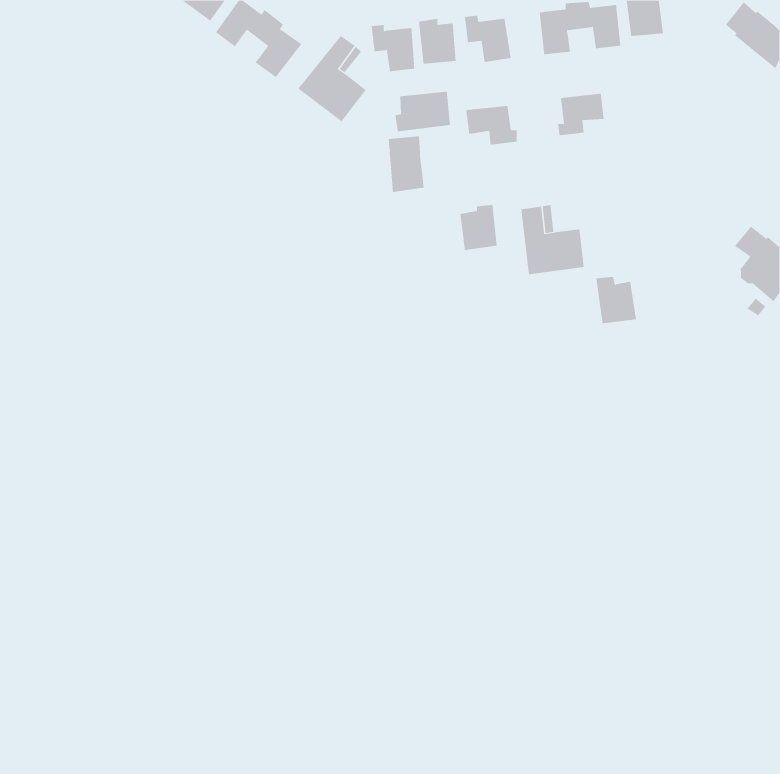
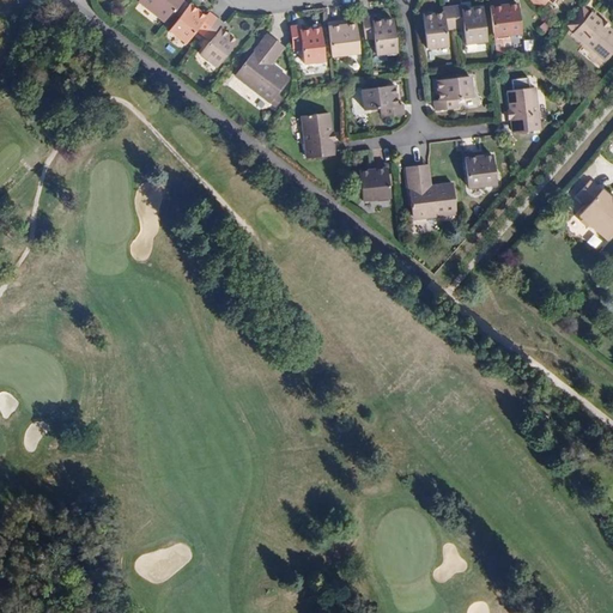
building: [395,91,451,132] -> none
building: none -> [509,78,540,133]
building: [596,277,637,324] -> [465,152,497,189]

